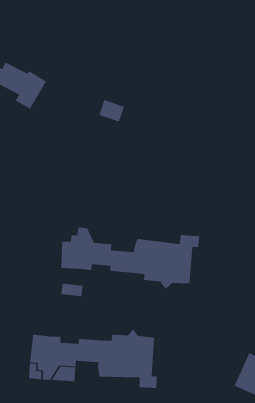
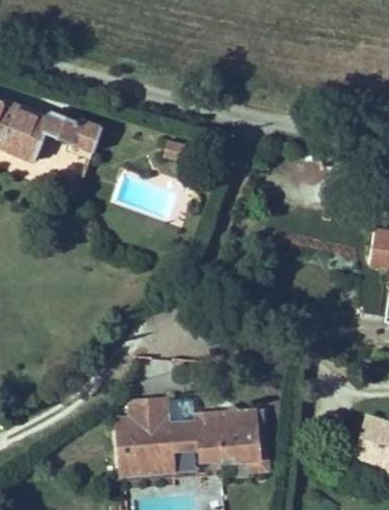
building: [61,226,200,290] -> none
building: none -> [136,395,171,429]

